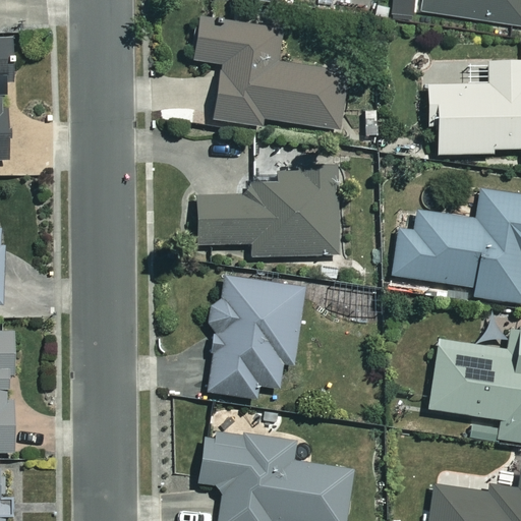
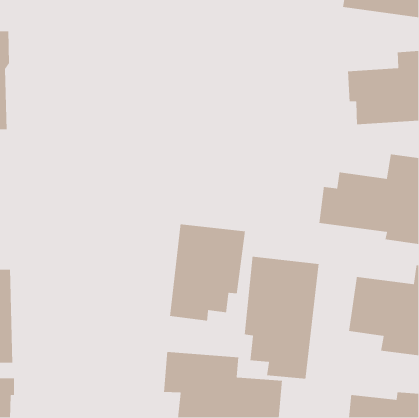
building: [195,18,346,129] -> none
building: [198,168,338,257] -> none
building: none -> [244,256,320,380]

